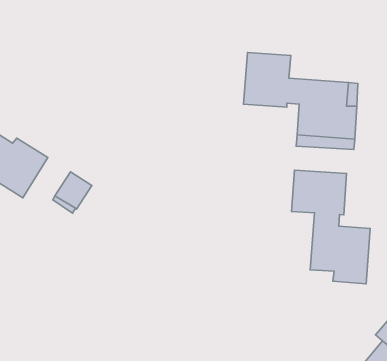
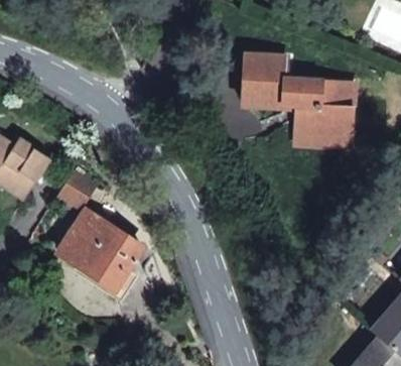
building: [291,170,370,284] -> none
building: none -> [59,211,142,288]

